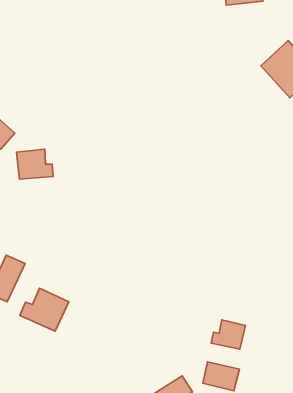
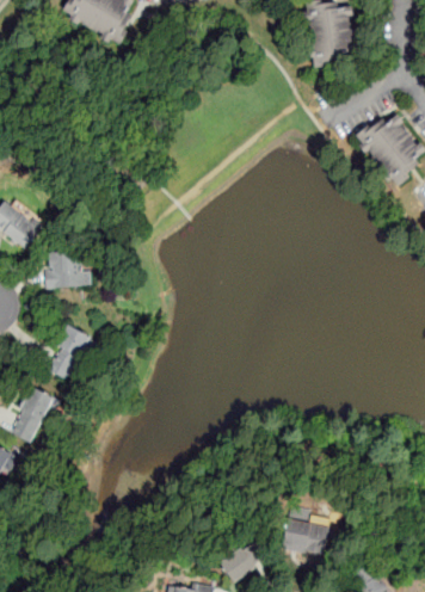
building: none -> [43,322,90,380]
building: [20,288,69,331] -> none
building: [211,320,246,349] -> none

